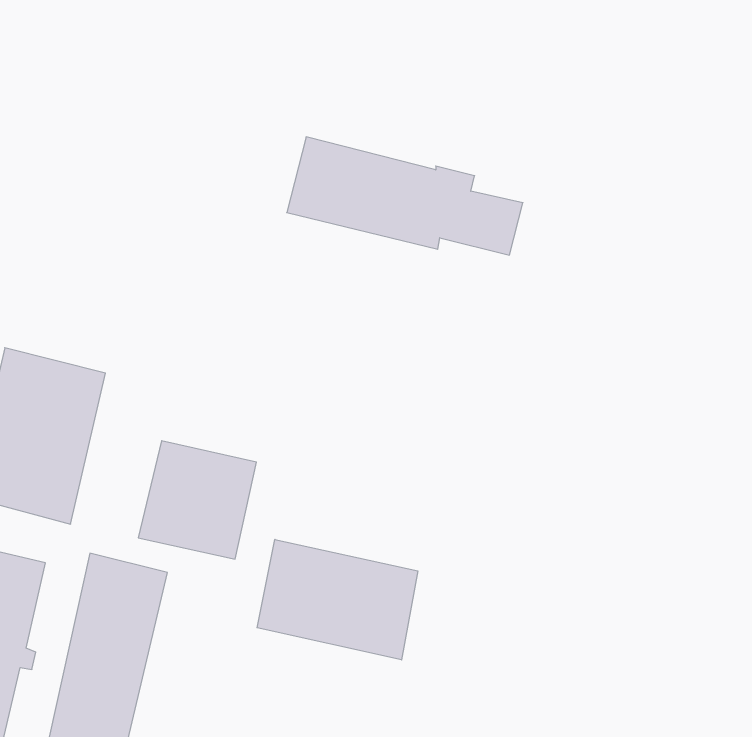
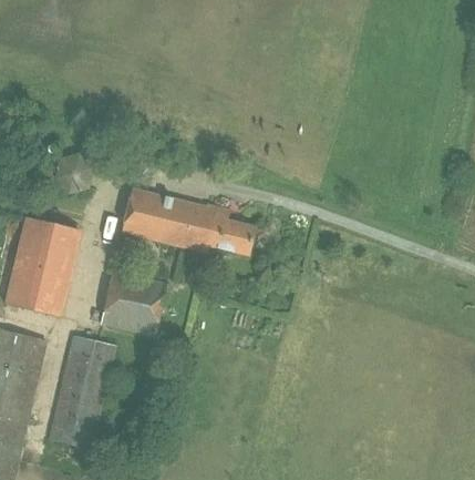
building: [287,137,523,255] -> [120,187,255,255]
building: [257,539,418,660] -> none

